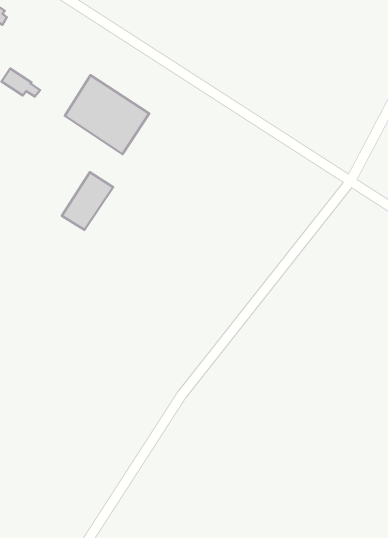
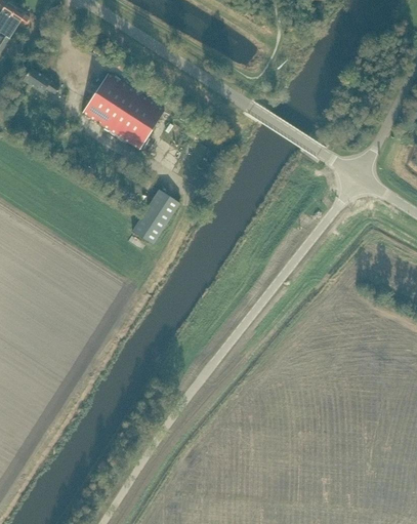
building: [62,172,113,230] -> [131,189,180,244]

